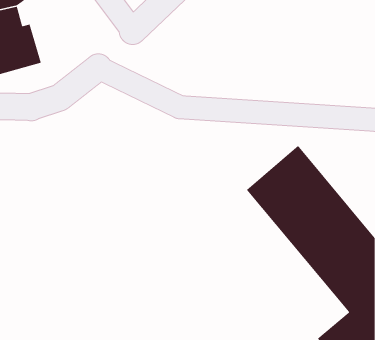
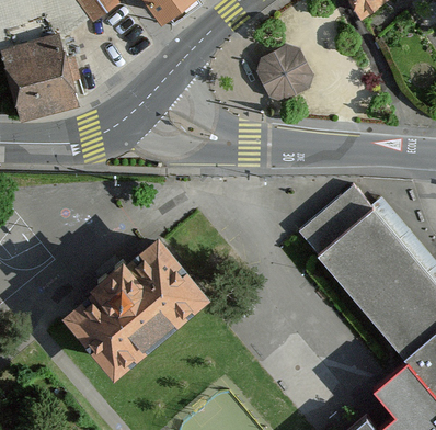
building: none -> [257,48,312,103]
building: none -> [74,244,199,364]

